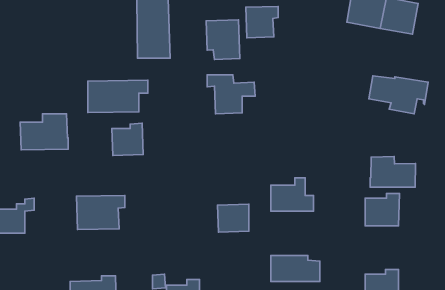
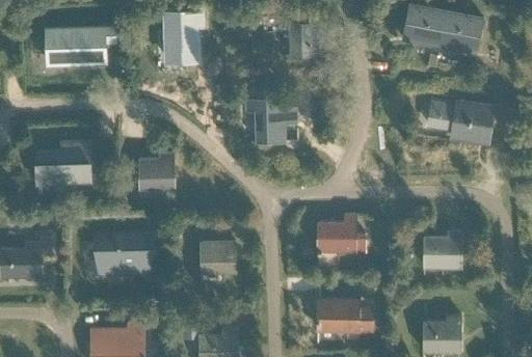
building: [206,20,240,59] -> none
building: [88,80,148,113] -> [47,27,114,63]
building: [370,157,416,187] -> none
building: [218,204,249,232] -> [200,243,235,274]

